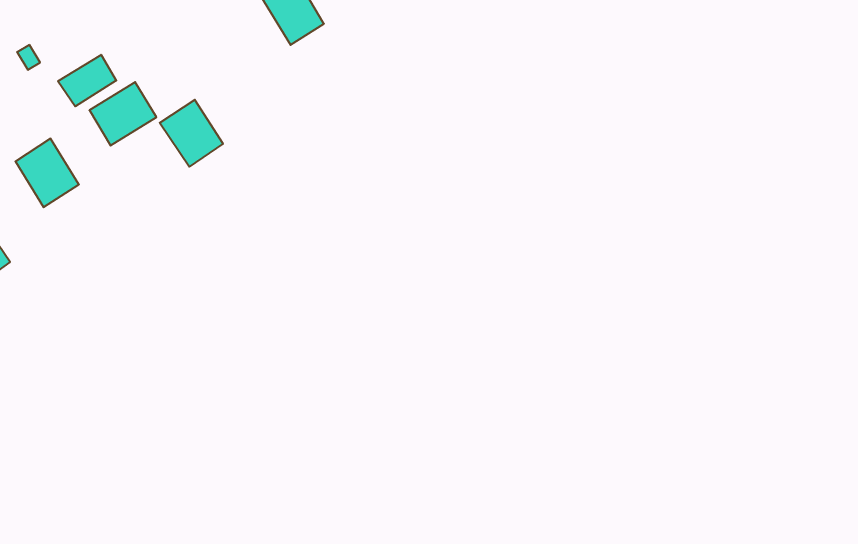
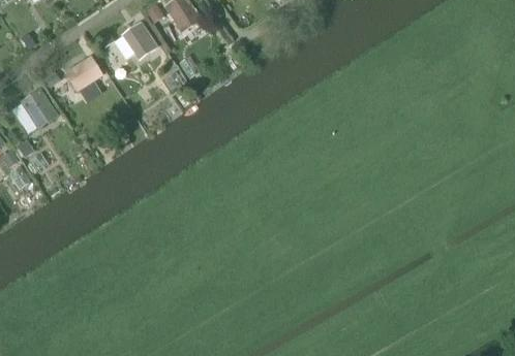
building: [58,55,116,106] -> none
building: [160,100,223,167] -> [120,21,157,60]

